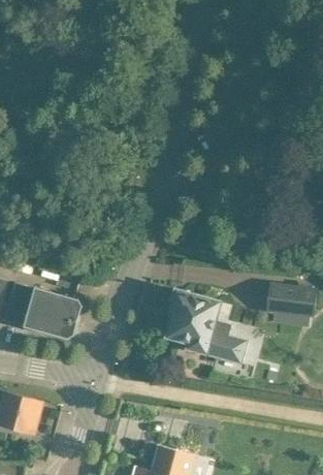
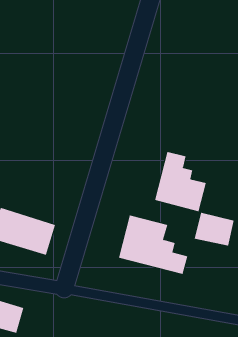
building: none -> [154,151,207,212]

